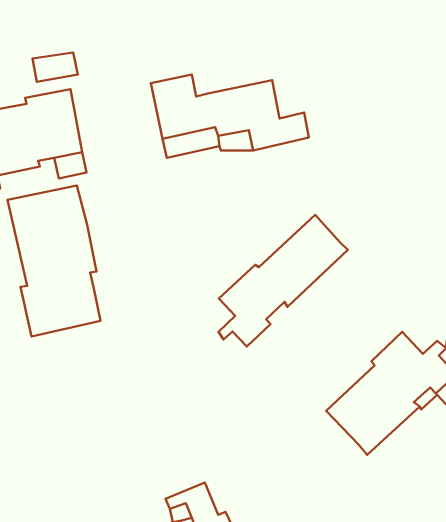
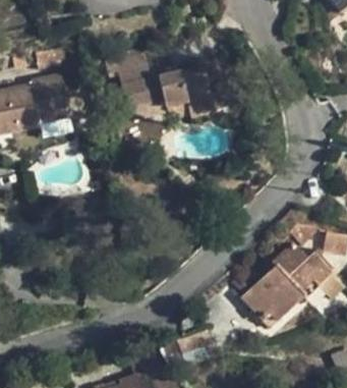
building: [8,186,100,336] -> none
building: [219,215,348,347] -> none

